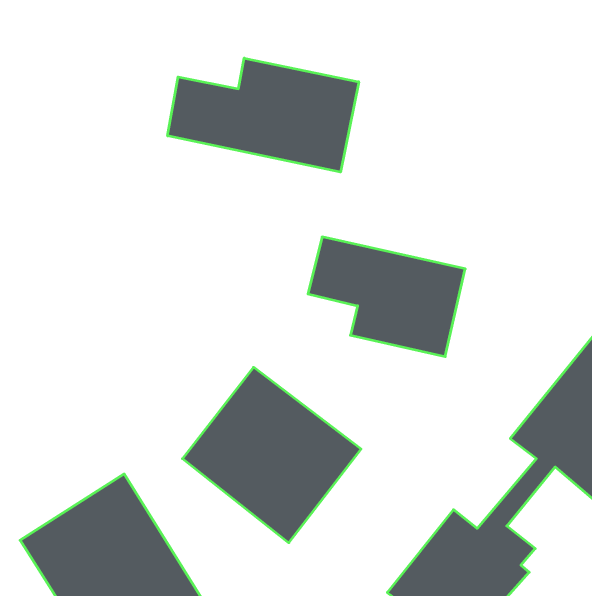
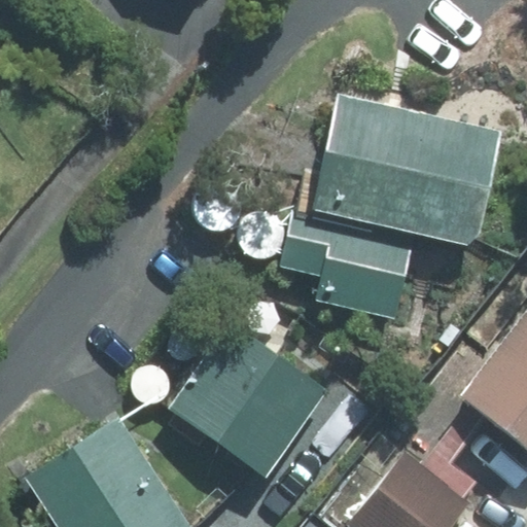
building: [168,58,359,172] -> none
building: none -> [310,96,502,245]

